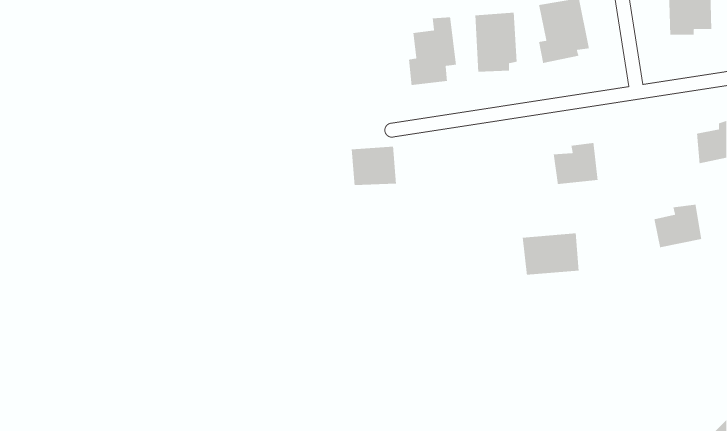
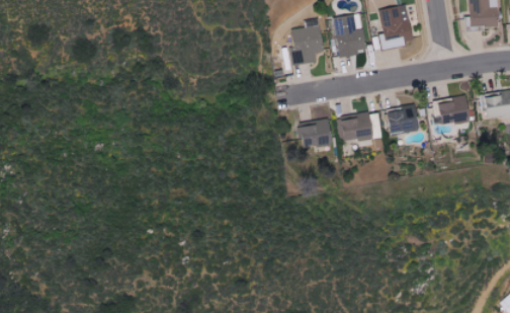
building: [351,146,397,186] -> [301,119,332,146]
building: [653,204,702,248] -> [437,94,471,125]
building: [522,233,579,275] -> [341,111,380,141]

